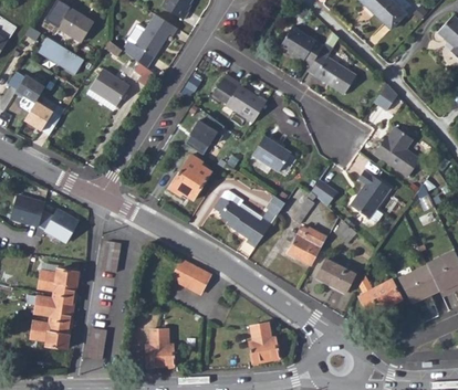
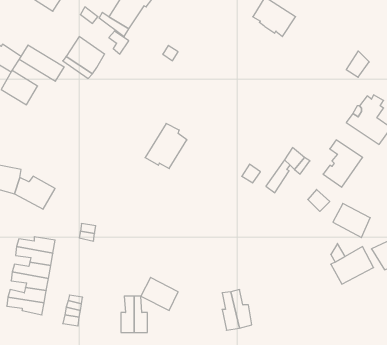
building: [41,38,86,74] -> [19,45,64,81]
building: [306,46,354,94] -> none
building: [216,75,266,123] -> none
building: [187,113,223,155] -> none
building: [253,135,292,170] -> none
building: [215,190,272,246] -> none
building: [289,225,322,264] -> none
building: [320,251,357,285] -> [333,203,370,238]
building: [174,257,211,291] -> [141,277,178,310]

